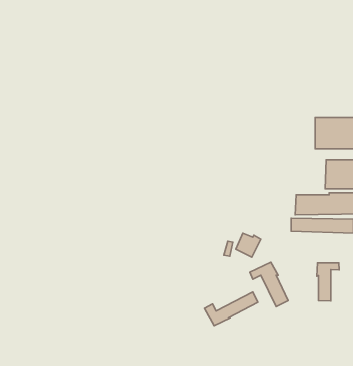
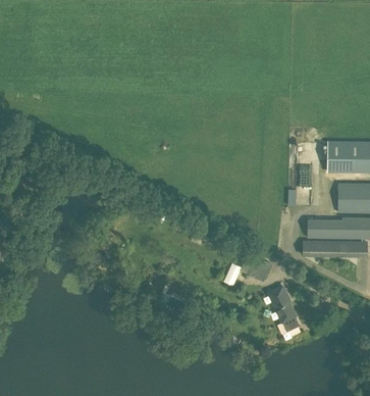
building: [317,263,339,301] -> none
building: [205,292,258,326] -> none

